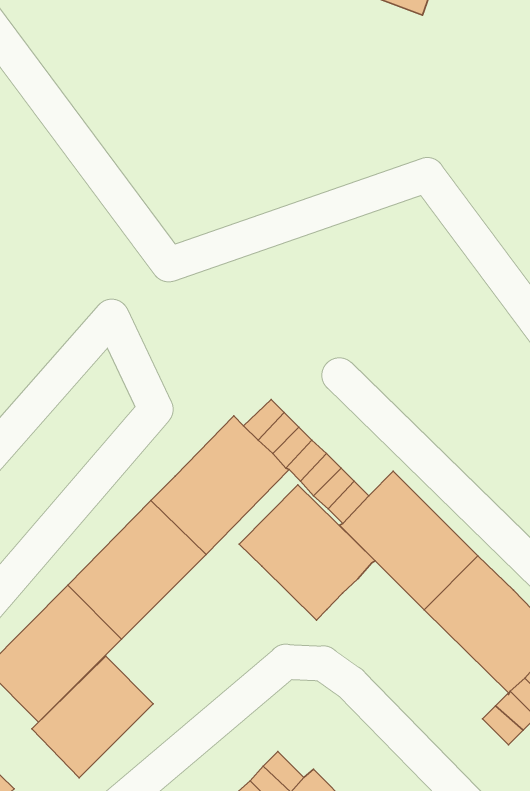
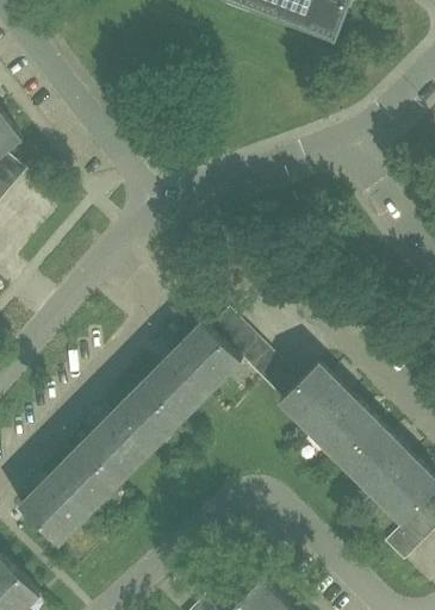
building: [239,485,375,620] -> none
building: [32,656,153,778] -> none

